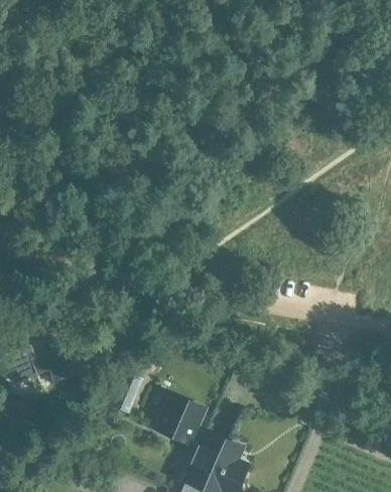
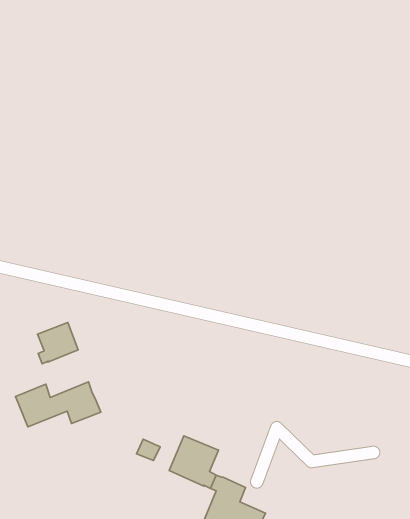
building: none -> [38,323,78,364]

